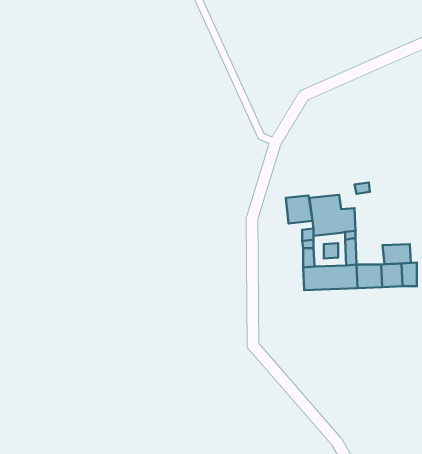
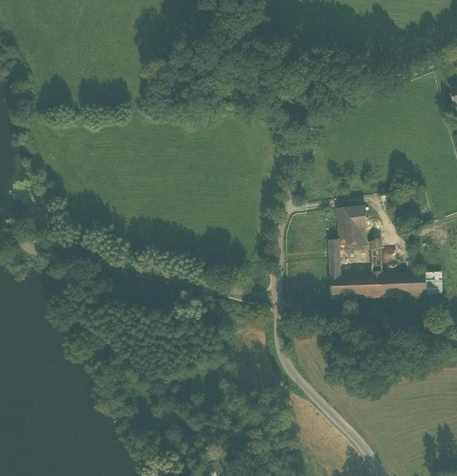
building: [286,195,312,223] -> none
building: [383,244,411,264] -> none

